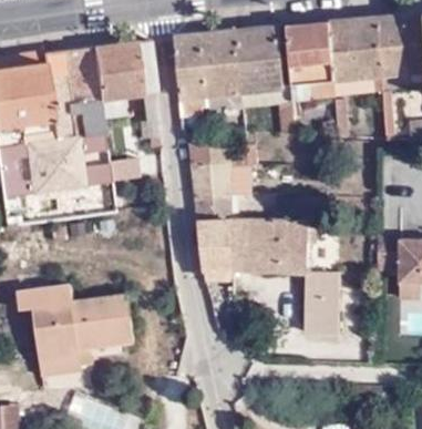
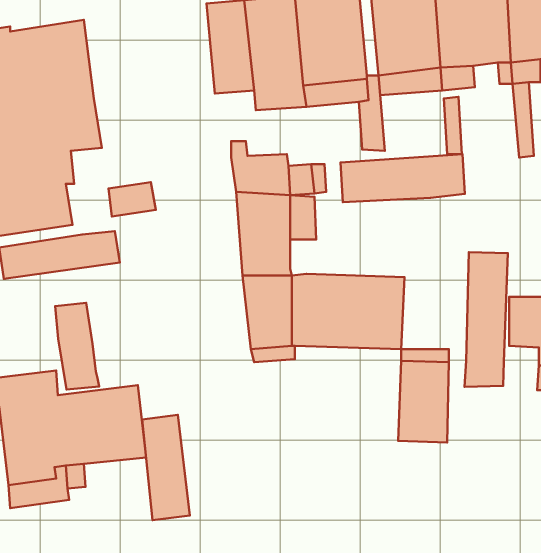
building: [91,40,162,147] -> none
building: [82,134,112,193] -> [55,303,99,390]
building: none -> [340,154,465,202]
building: none -> [464,252,508,387]
building: none -> [142,415,190,520]

